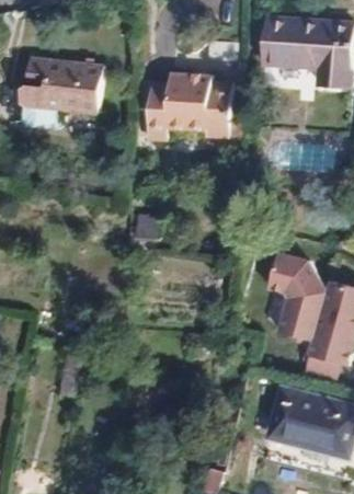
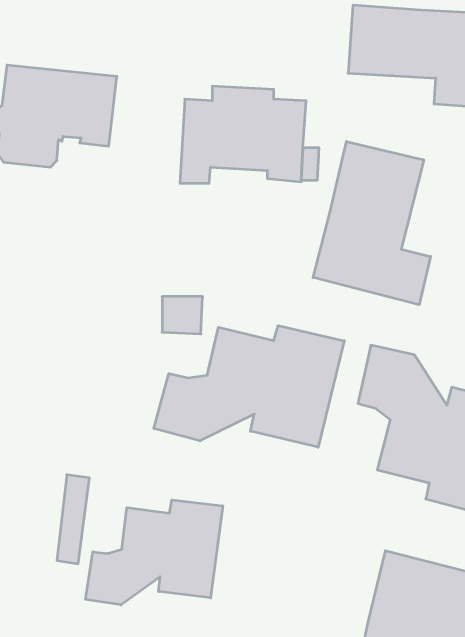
building: none -> [313,141,431,305]
building: none -> [154,326,344,447]
building: none -> [86,500,223,605]

